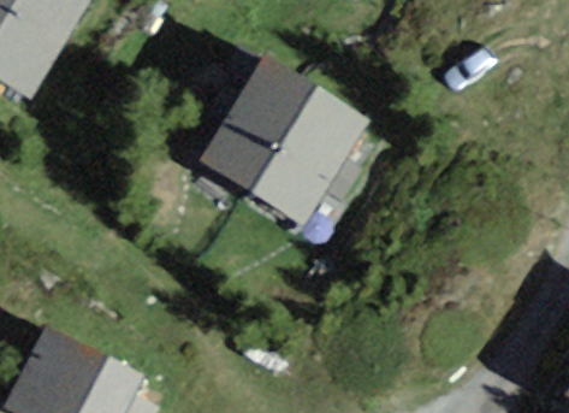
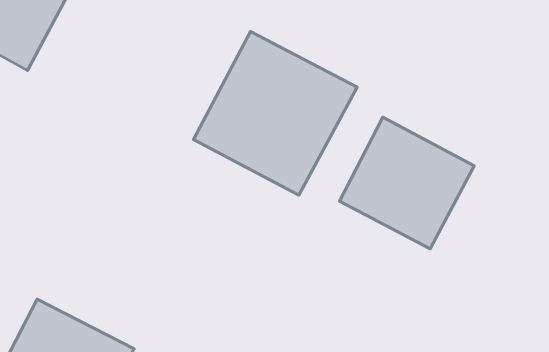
building: none -> [339,117,474,249]

